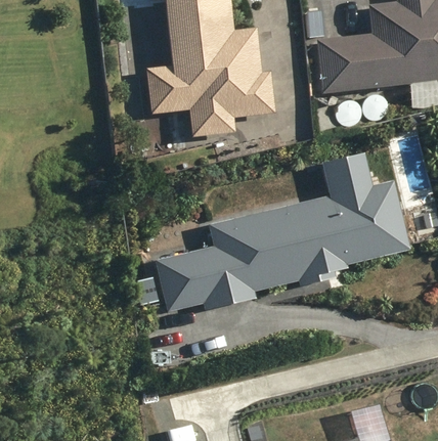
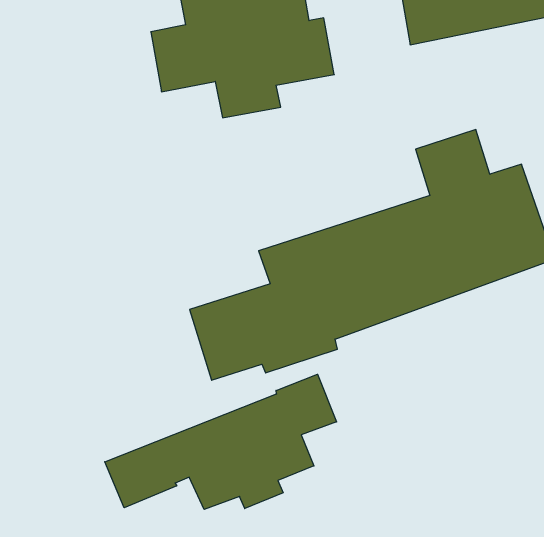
building: none -> [105,374,337,509]

